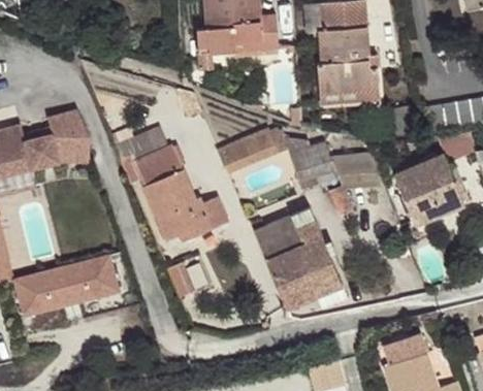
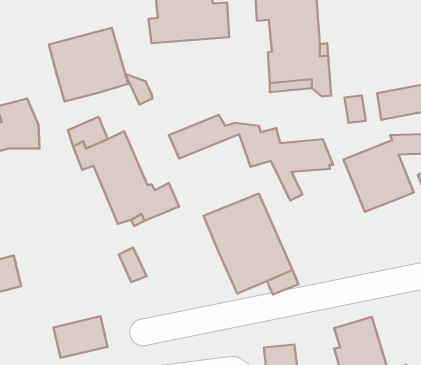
building: none -> [49,28,128,101]
building: [61,259,116,301] -> [53,316,107,358]

